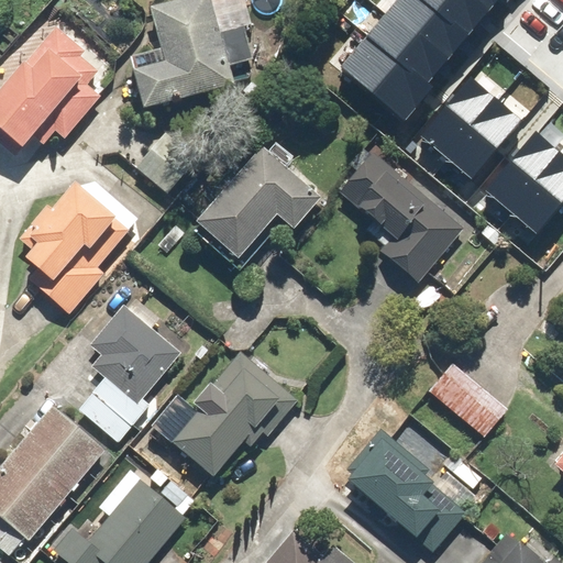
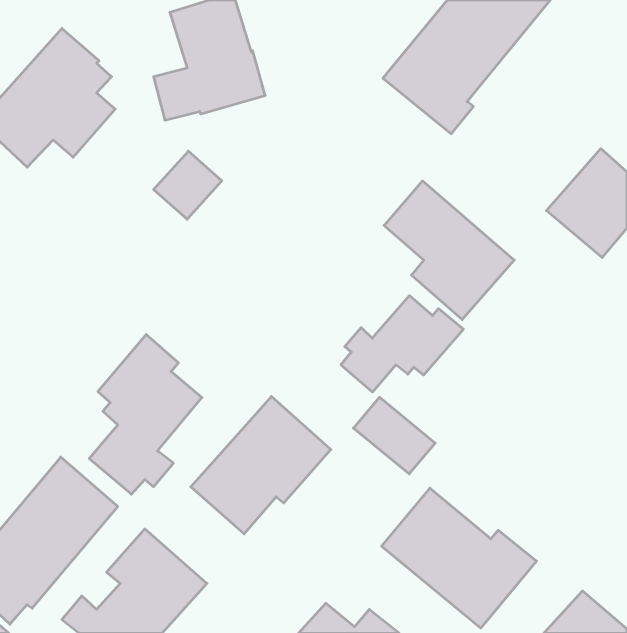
building: [419,79,516,176] -> none
building: [192,144,322,268] -> none
building: [30,181,132,313] -> none
building: none -> [341,296,463,392]
building: [431,367,504,435] -> [353,397,435,474]

